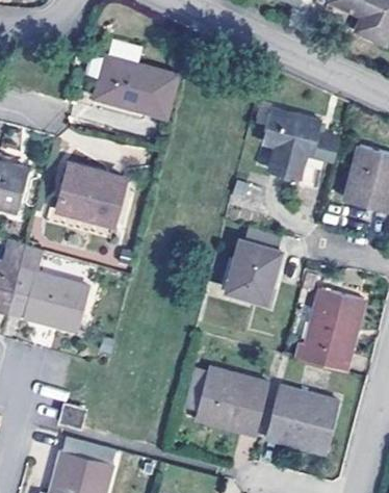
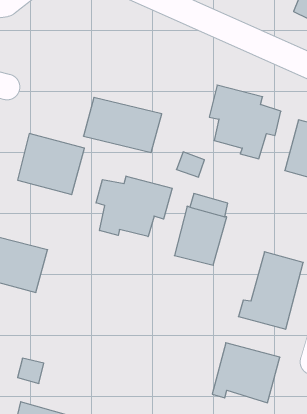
building: [94,57,178,116] -> [83,97,162,153]
building: none -> [96,176,172,237]
building: [197,366,268,437] -> none

